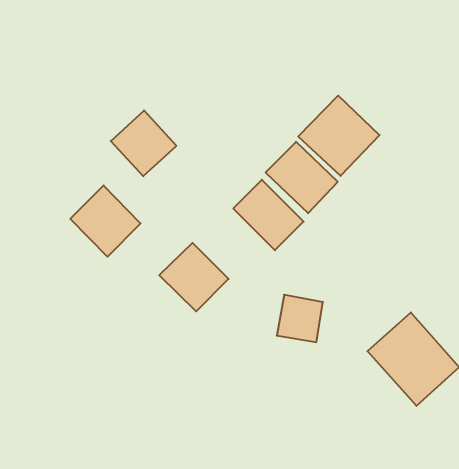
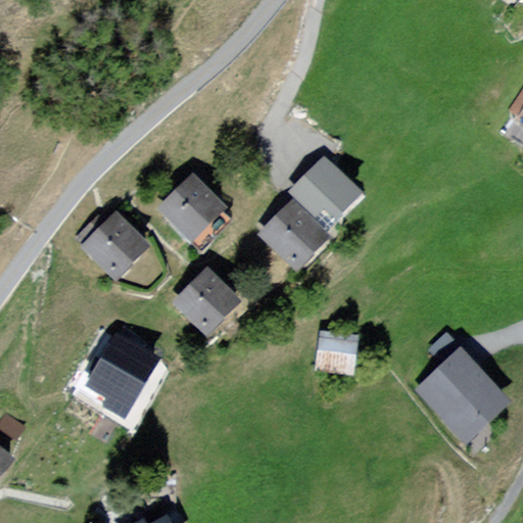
building: [298,96,380,176] -> none
building: [111,110,176,176] -> [156,172,229,244]
building: none -> [81,330,161,413]

